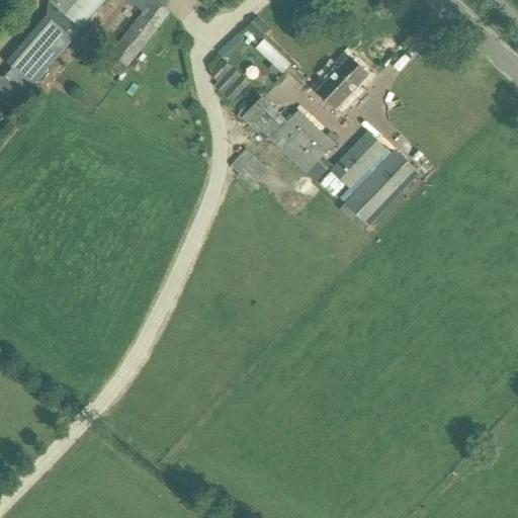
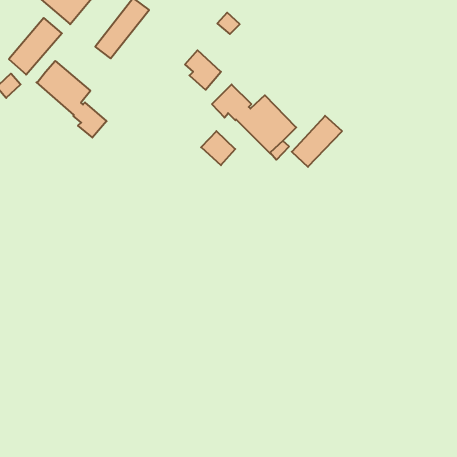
building: [316,57,365,107] -> none
building: none -> [36,61,107,138]
building: [341,147,419,227] -> none

